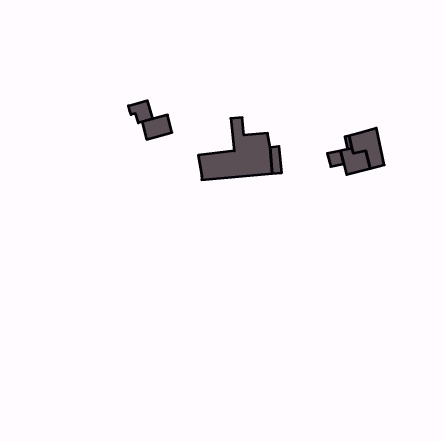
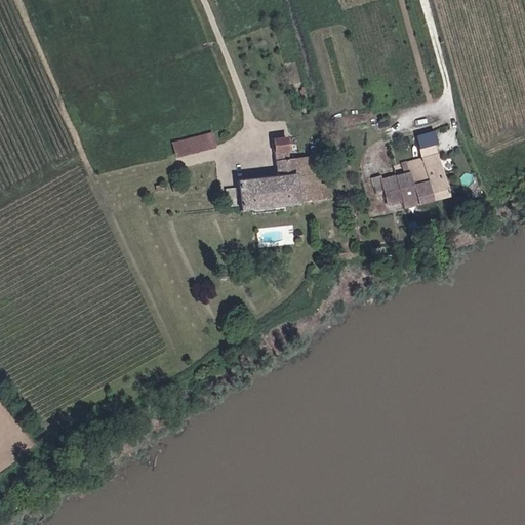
building: [128,101,152,123] -> none
building: none -> [416,128,440,155]

